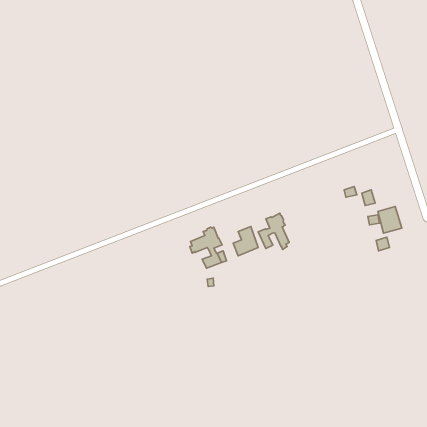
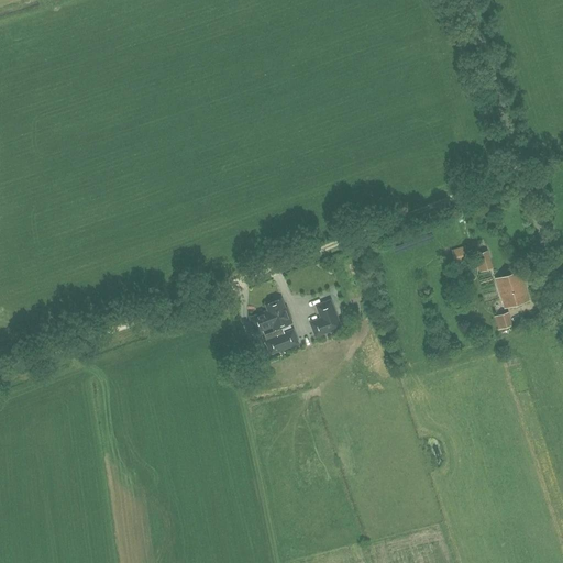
building: [258,213,289,249] -> none

